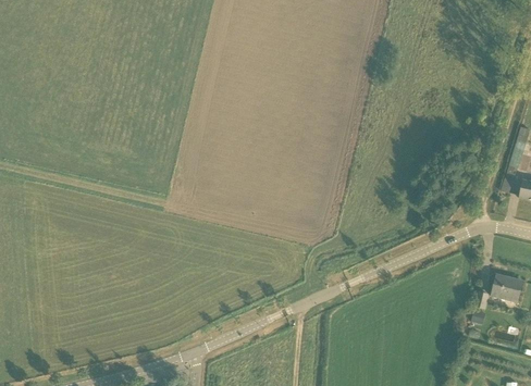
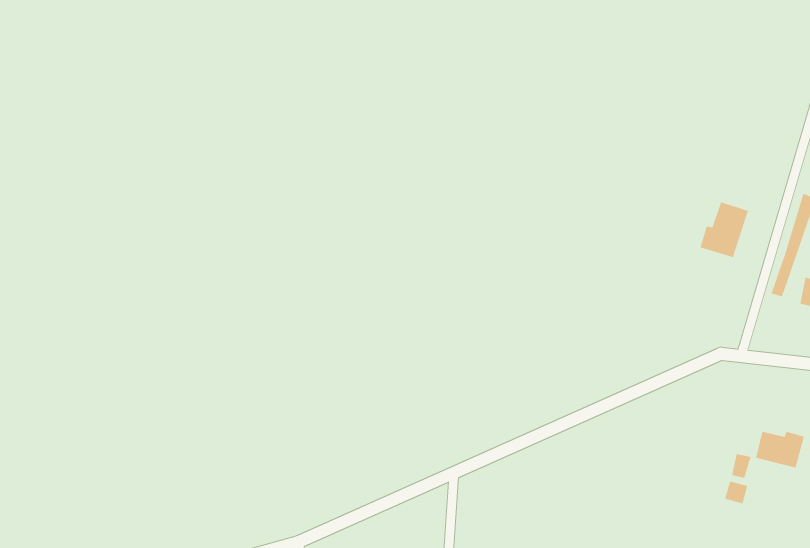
building: none -> [700,201,749,258]

